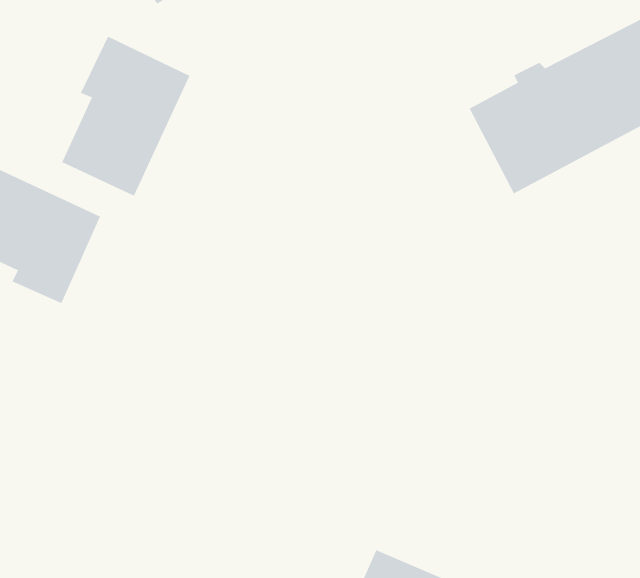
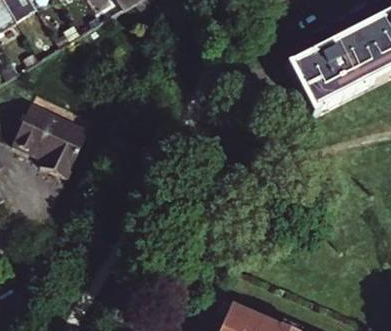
building: [61,36,190,196] -> none

